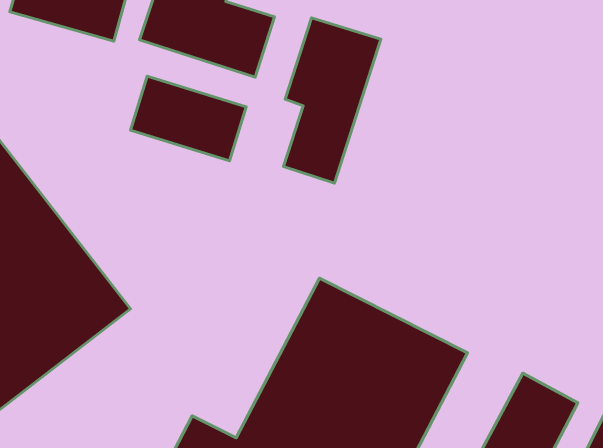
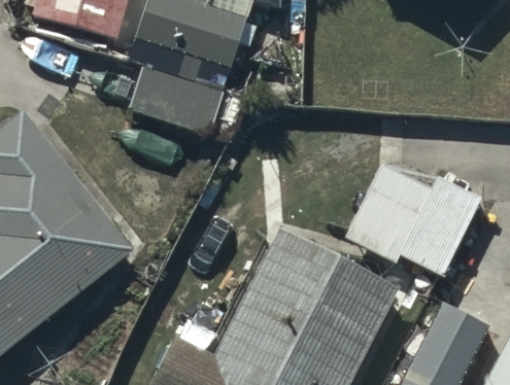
building: [283,18,381,183] -> none
building: none -> [344,160,480,273]

